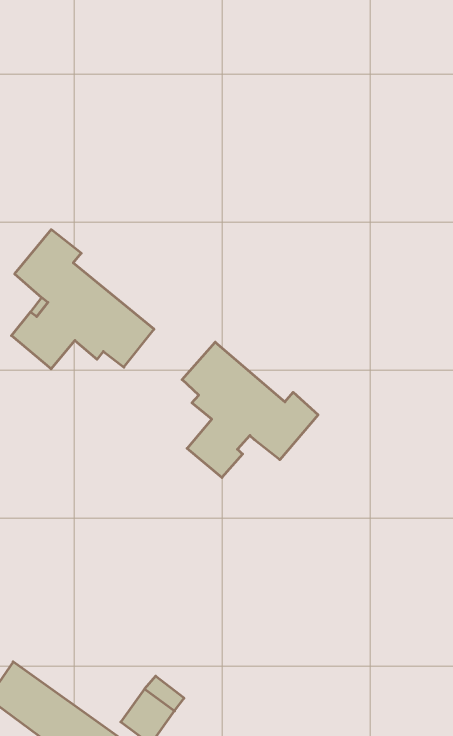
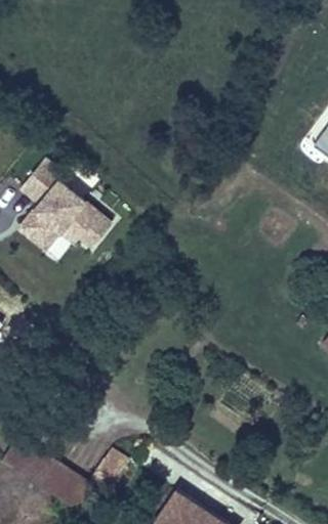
building: [182,342,318,478] -> none

